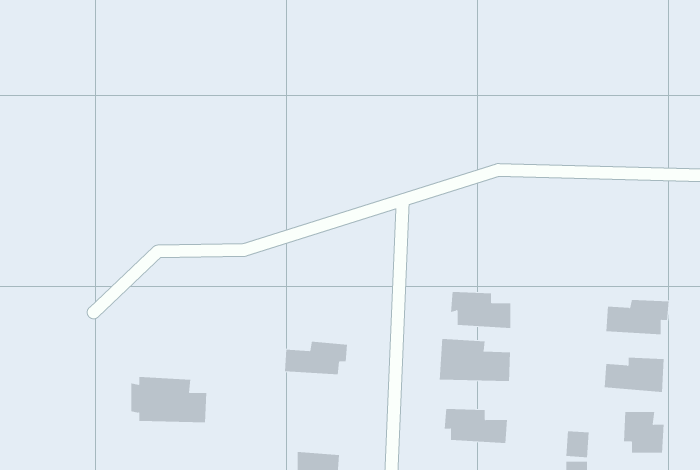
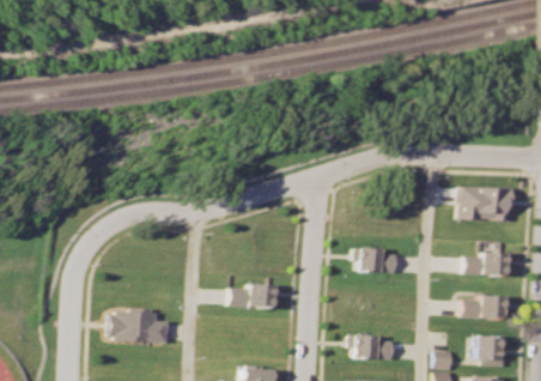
building: none -> [458,186,511,220]
building: [439,338,511,382] -> none

